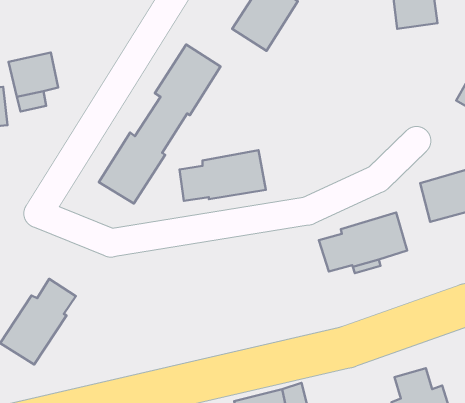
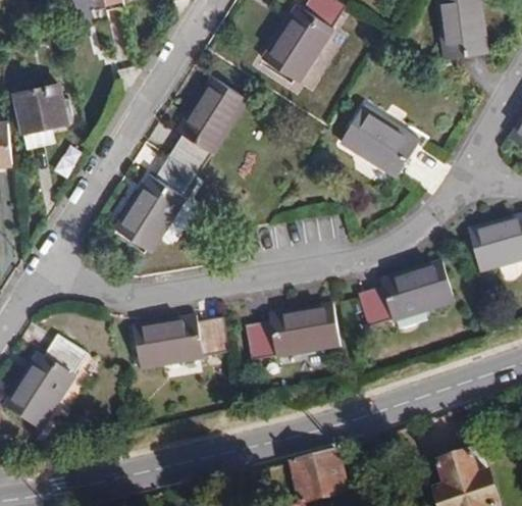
building: none -> [341,104,421,178]
building: [179,150,266,201] -> [245,304,341,360]
building: none -> [134,317,230,370]

